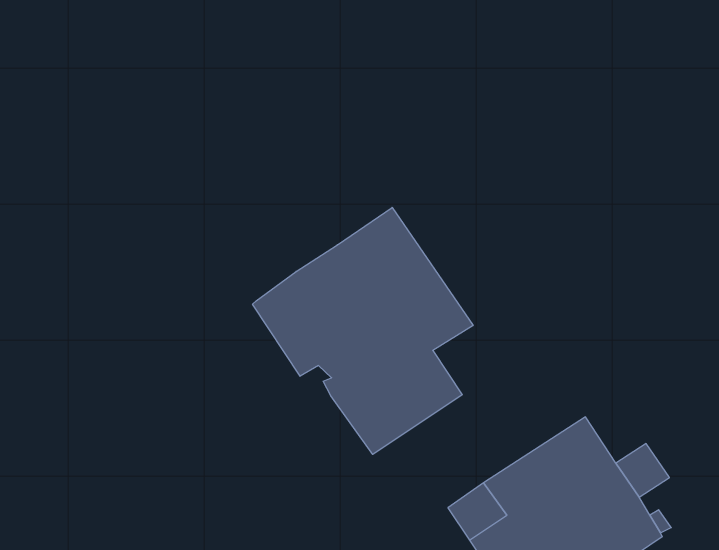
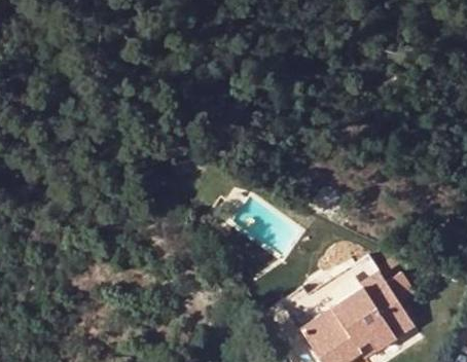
building: [253,207,473,454] -> none

